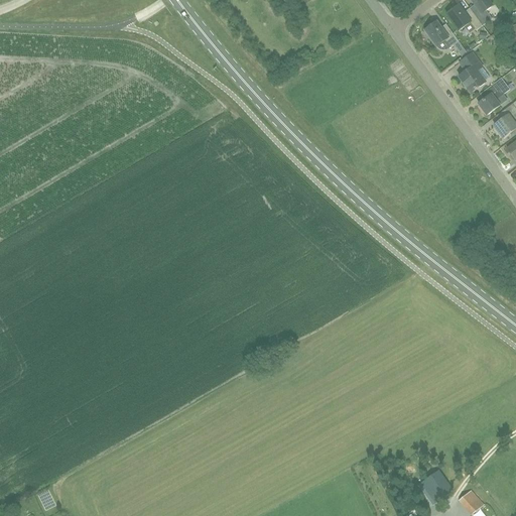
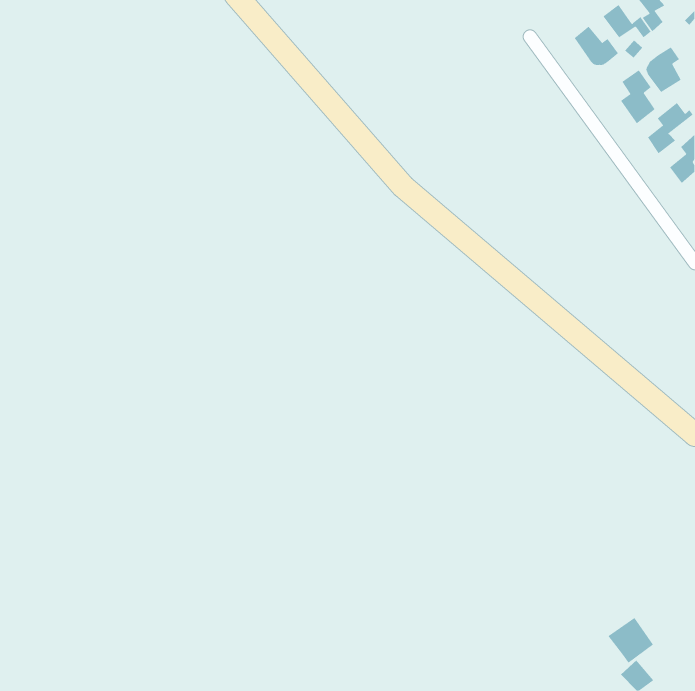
building: none -> [646,47,682,93]
building: [418,469,453,503] -> [608,617,654,663]

